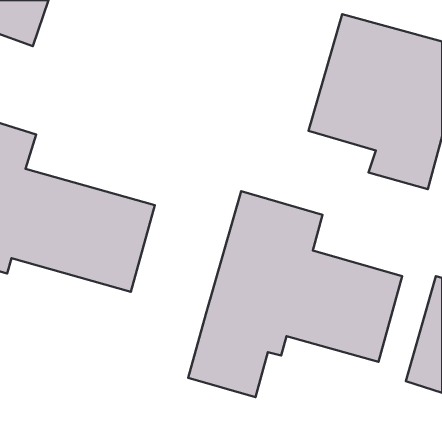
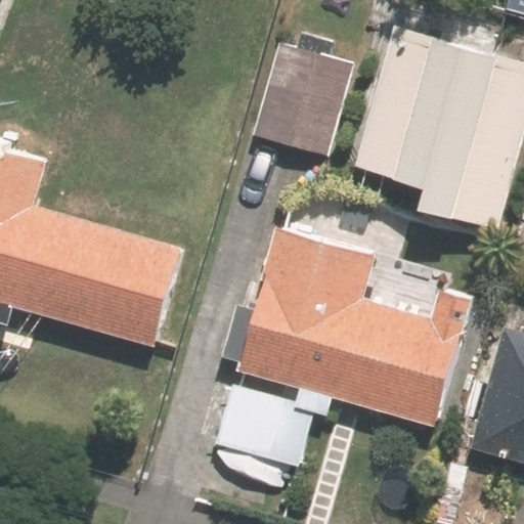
building: none -> [253,48,348,157]

